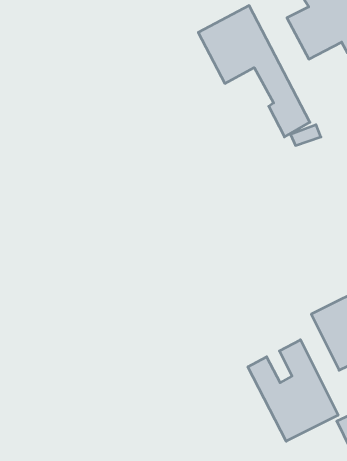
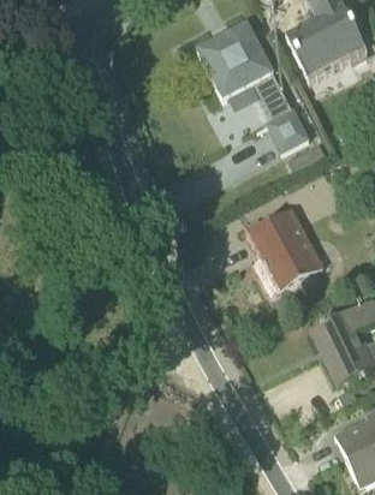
building: none -> [245,208,325,294]
building: [248,340,338,441] -> none

